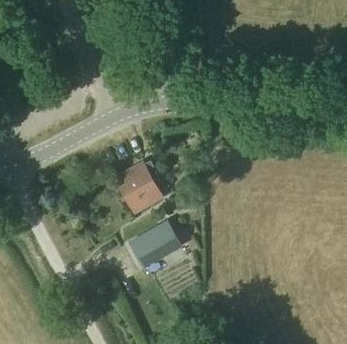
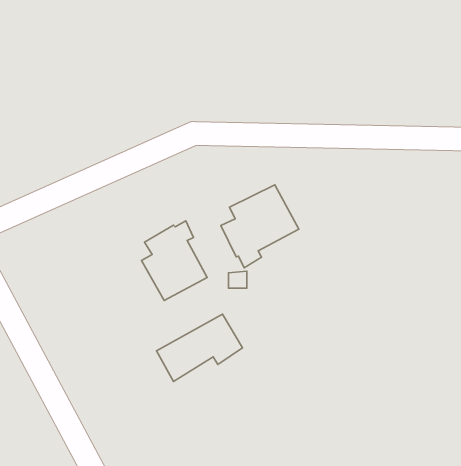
building: none -> [221,185,299,268]

